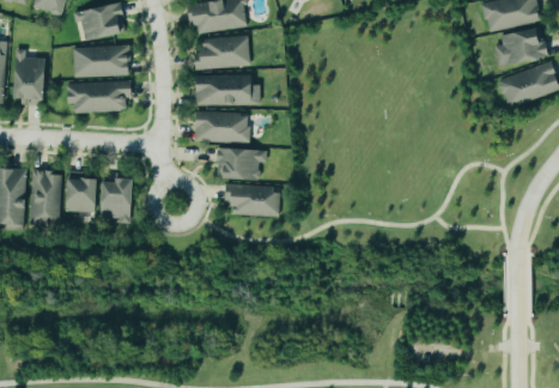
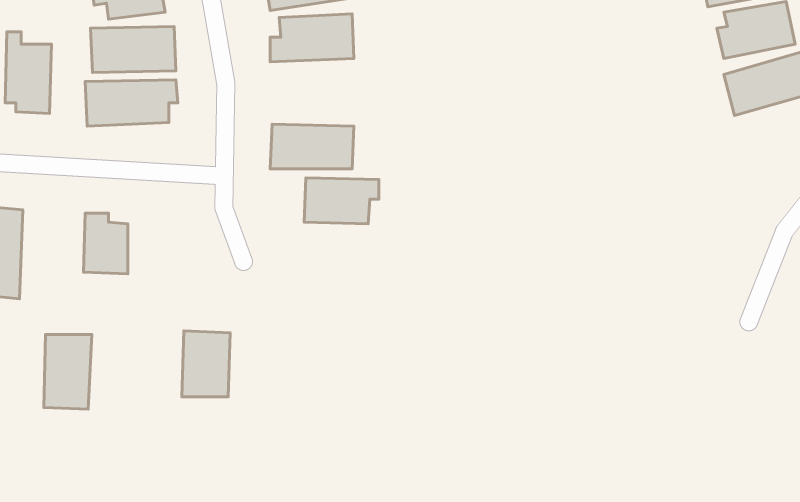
building: [195,74,260,104] -> none
building: [29,171,61,222] -> [44,334,92,409]
building: [101,178,133,223] -> [182,331,230,397]
building: [224,186,280,216] -> none

